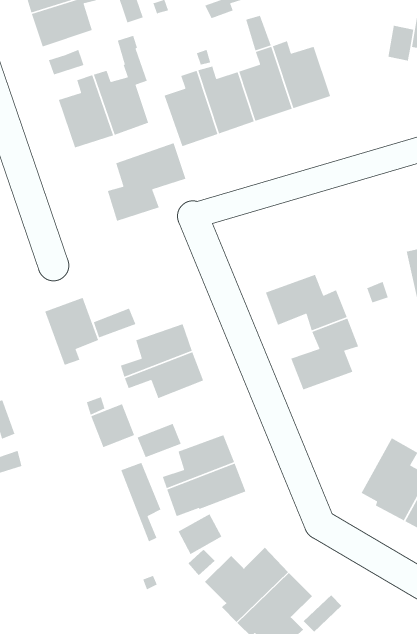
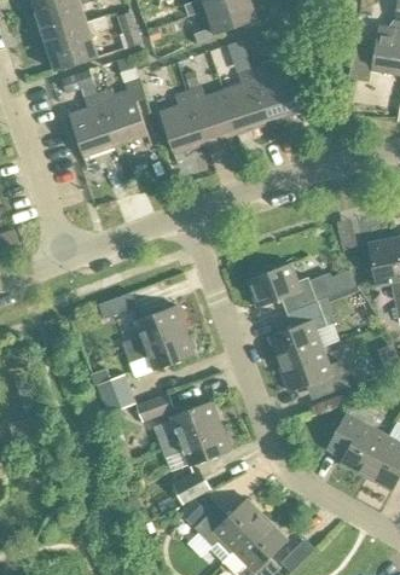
building: [107,142,187,222] -> none
building: [44,297,99,366] -> none
building: none -> [278,348,348,396]
building: [120,462,161,542] -> none

